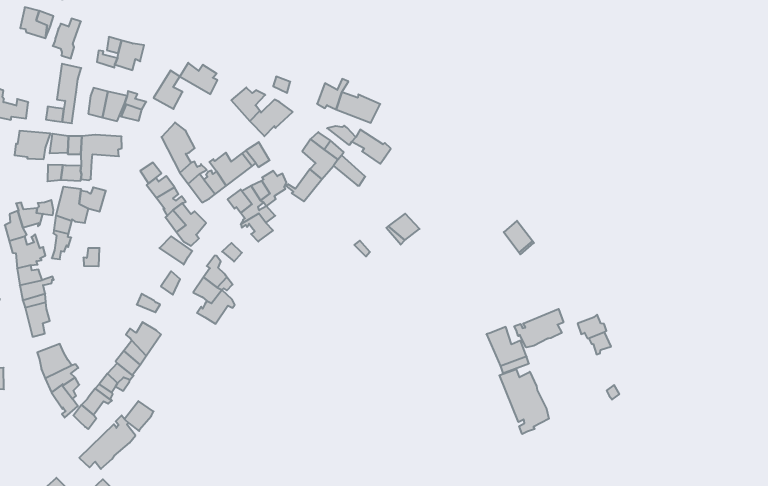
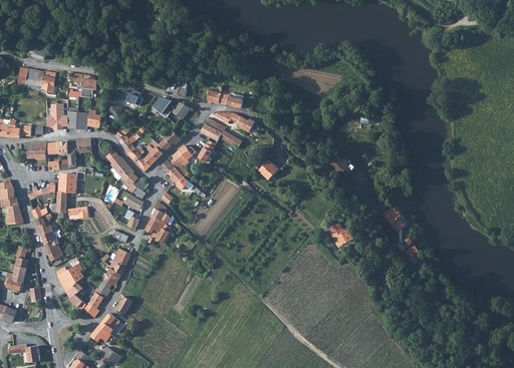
building: [514,309,563,347] -> none
building: [499,369,549,434] -> none

